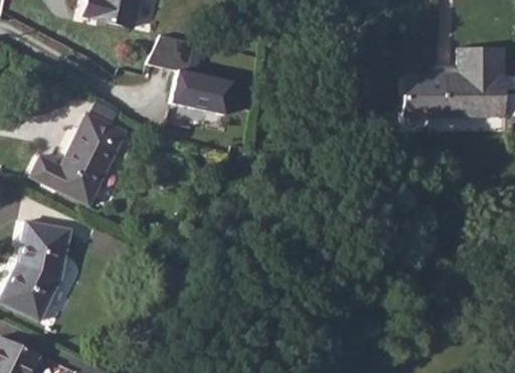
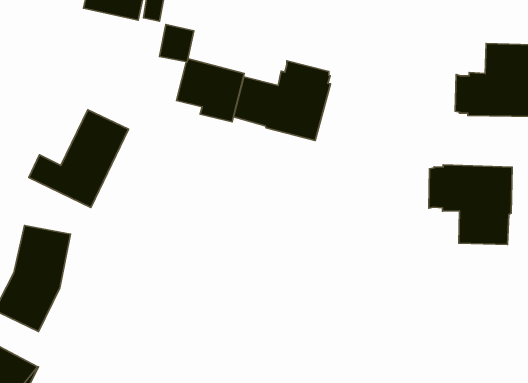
building: none -> [233,61,330,140]
building: [403,79,433,116] -> none
building: none -> [429,165,512,244]

